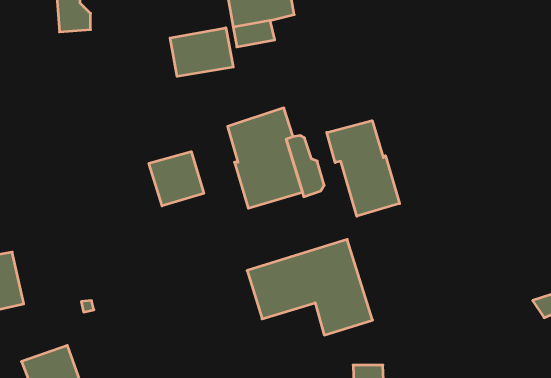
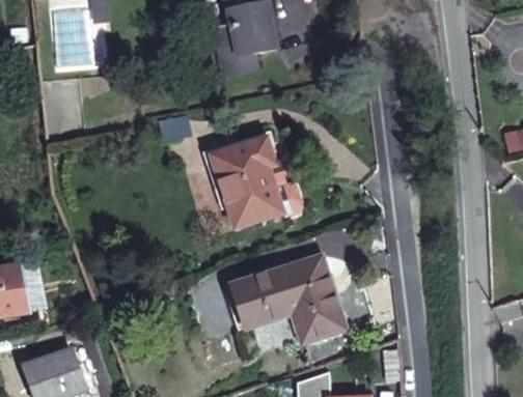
building: [170,28,233,76] -> none
building: [327,121,400,216] -> none
building: [149,152,204,206] -> none

